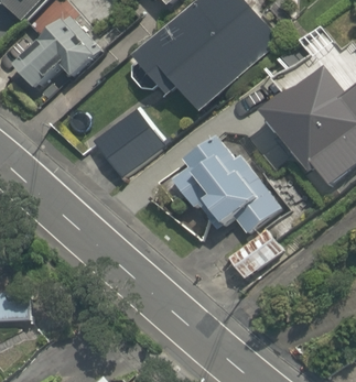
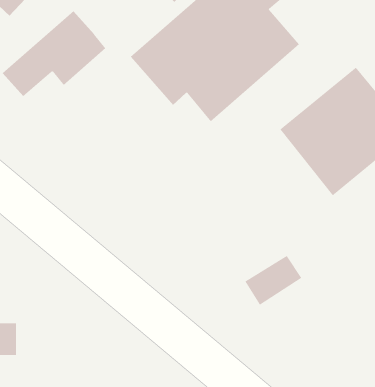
building: [89,102,169,179] -> none
building: [172,130,285,238] -> none

